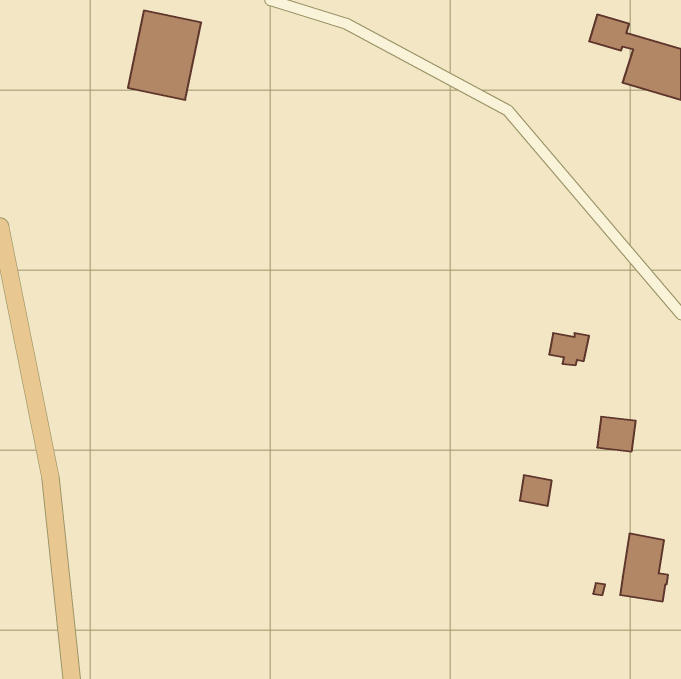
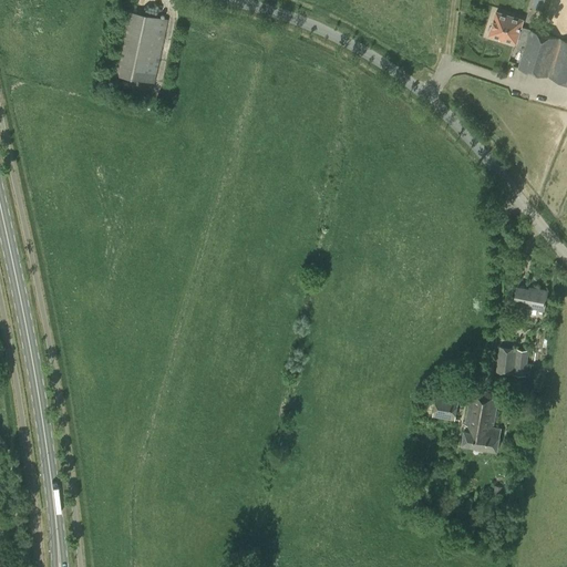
building: [549,333,589,365] -> [514,288,547,315]
building: [620,534,668,601] -> [462,394,502,451]

